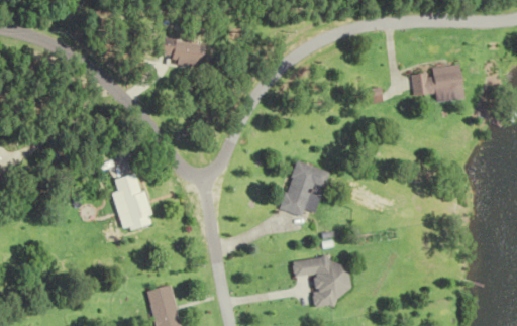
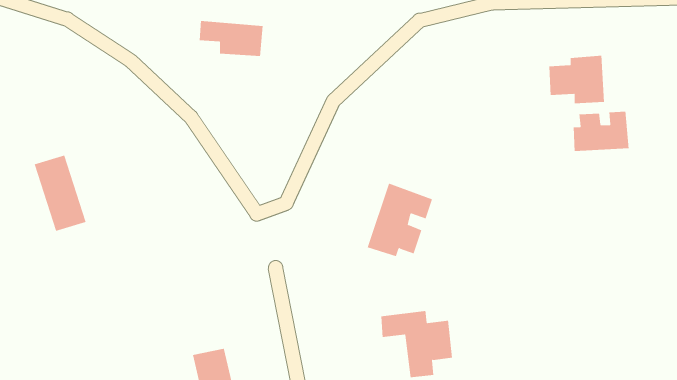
building: none -> [573,111,629,152]
building: [114,172,153,229] -> [34,155,86,231]

